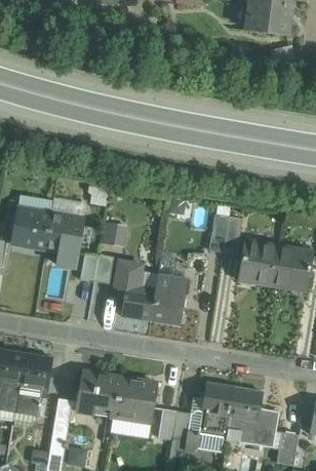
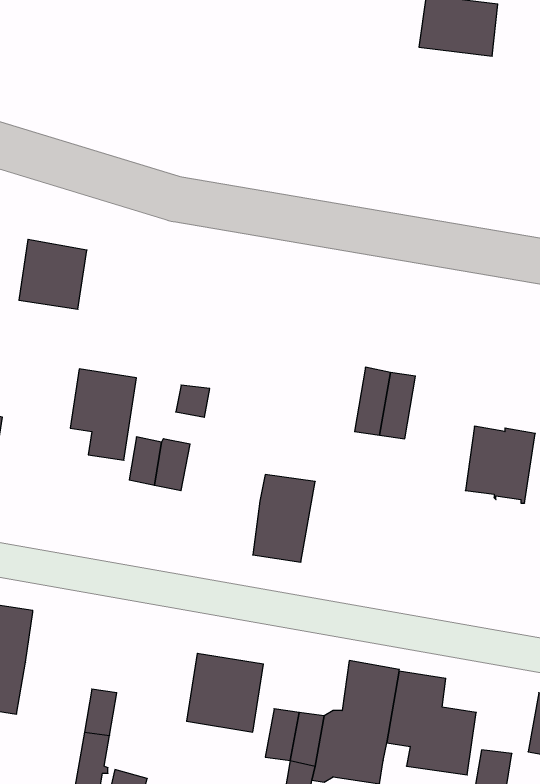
building: [11,207,50,247] -> [19,239,87,309]
building: [238,240,277,283] -> none
building: [112,261,154,320] -> none
building: [14,353,51,415] -> none
building: [75,370,118,416] -> none

